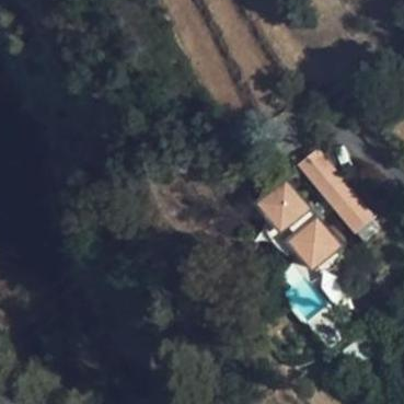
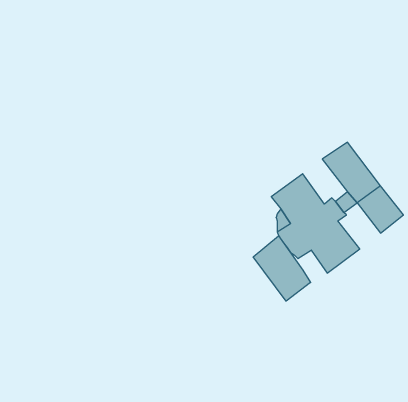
building: none -> [253,236,311,301]

